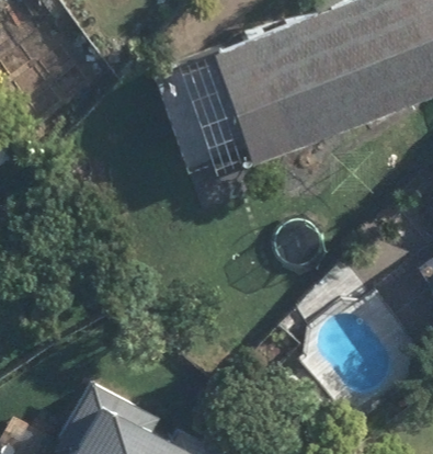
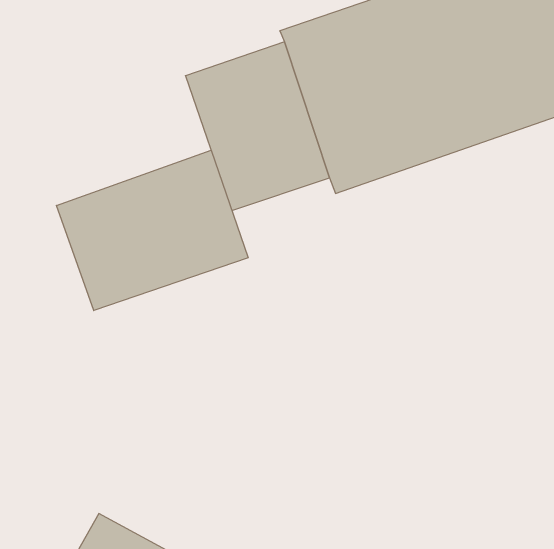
building: none -> [56,150,248,311]

